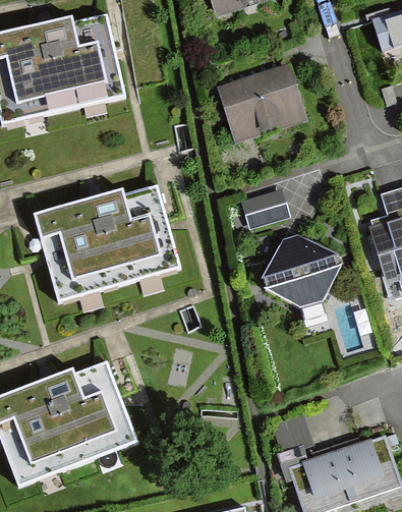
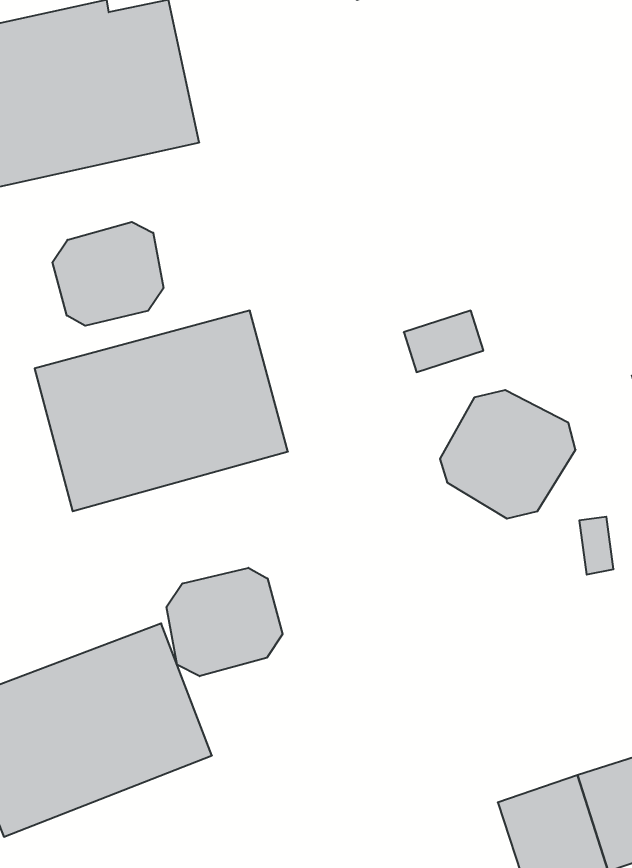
building: [218,65,303,139] -> none
building: none -> [52,222,163,326]
building: none -> [167,568,283,676]

